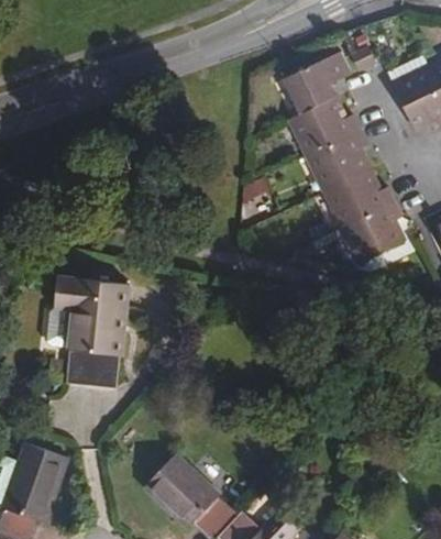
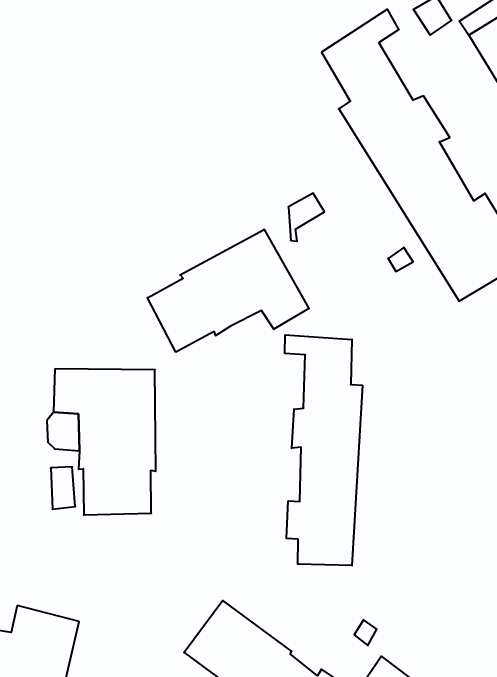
building: none -> [147,229,309,352]
building: none -> [285,335,362,566]

